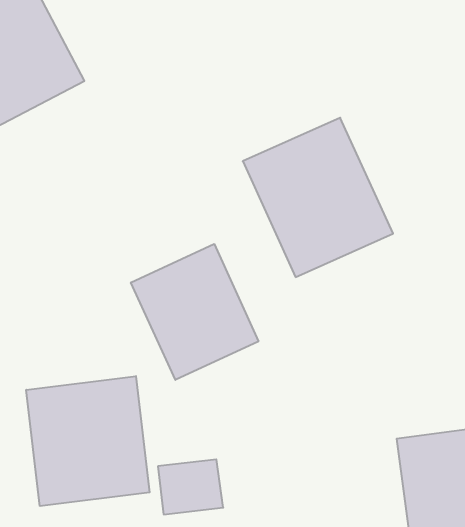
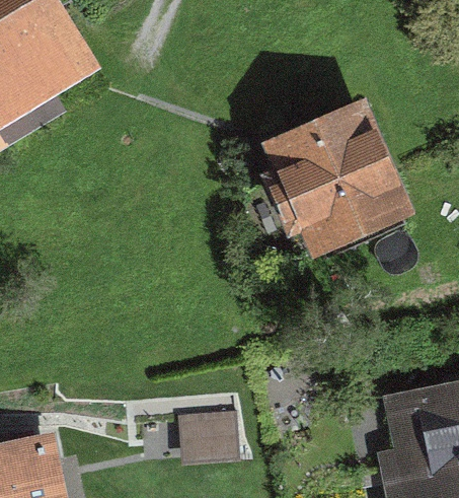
building: [131,244,258,380] -> none
building: [26,376,150,506] -> none

